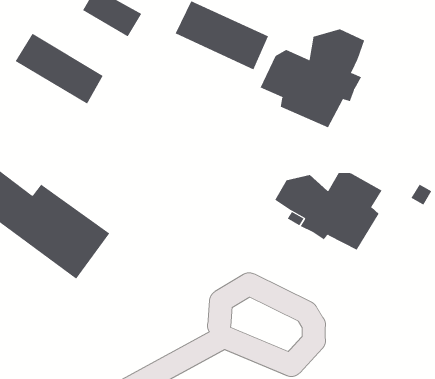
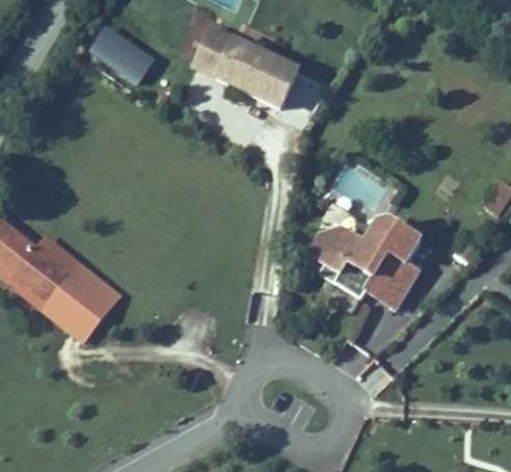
building: [260,29,365,128] -> none
building: [15,33,103,104] -> none

